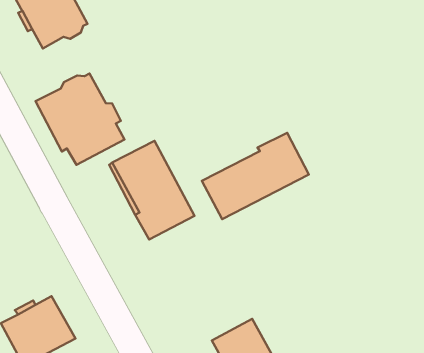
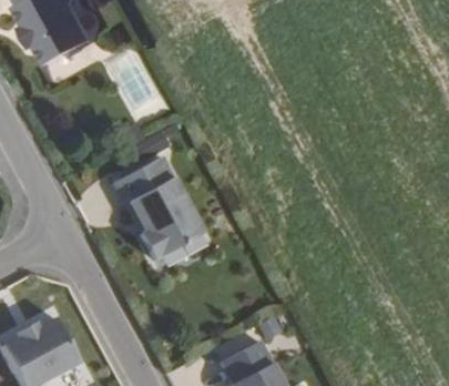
building: [36,73,124,165] -> none
building: [202,133,309,219] -> none

